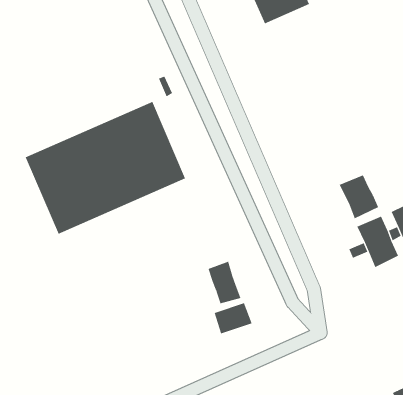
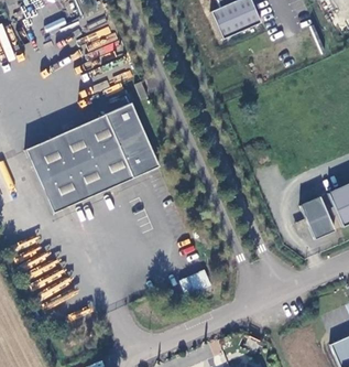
building: [339,174,379,219] -> none
building: [208,261,241,304] -> none

